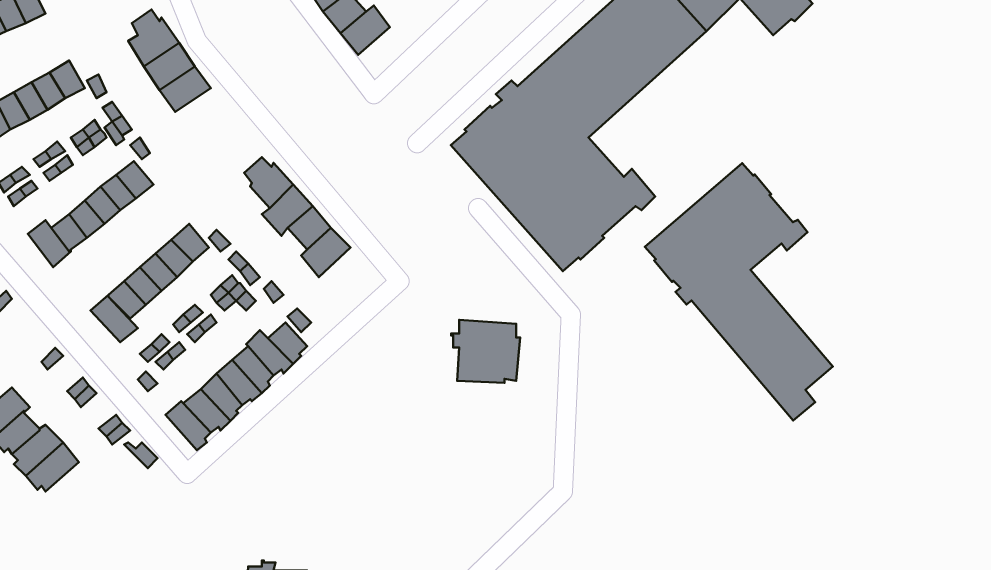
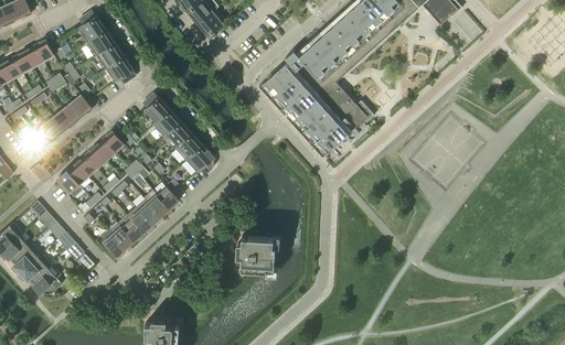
building: none -> [104,55,135,84]
building: [645,163,833,420] -> none
building: none -> [184,144,213,174]
building: [451,320,520,383] -> [236,236,275,271]
building: none -> [31,265,62,294]

